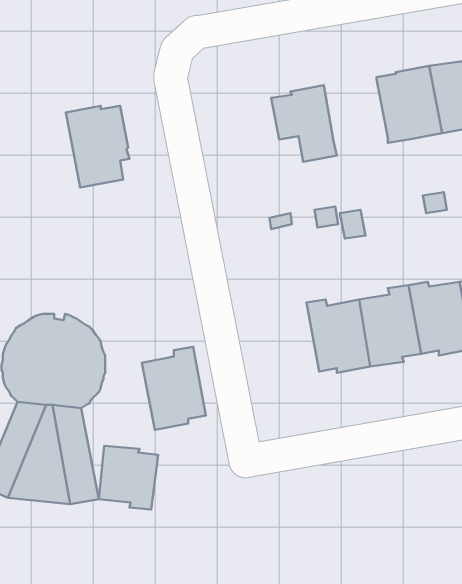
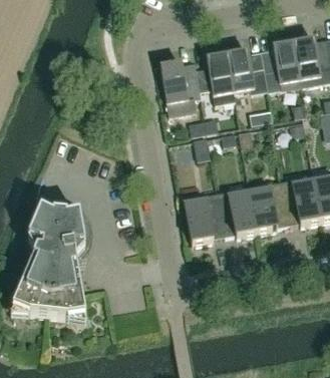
building: none -> [227,51,267,92]
building: [66,106,130,188] -> [159,63,200,114]
building: [142,347,206,430] -> [184,192,224,244]
building: [99,446,158,510] -> none

